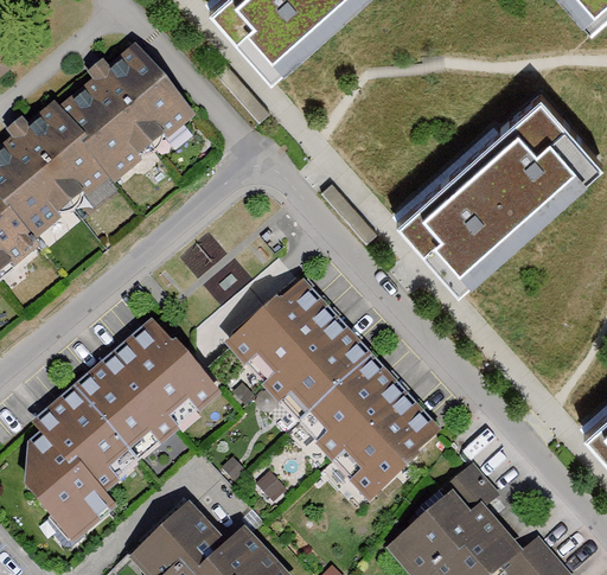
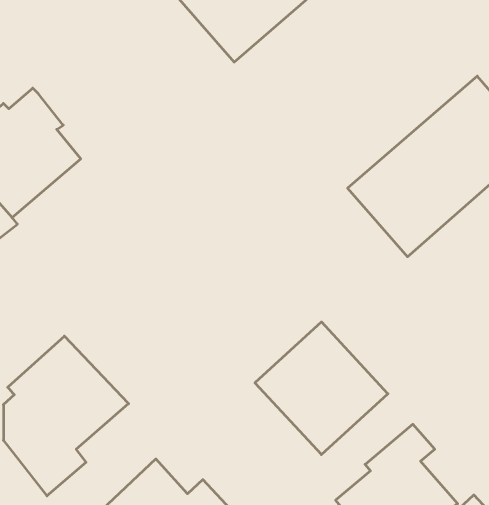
building: [63,44,197,183] -> none
building: [229,279,371,421] -> none
building: [91,320,221,443] -> none

